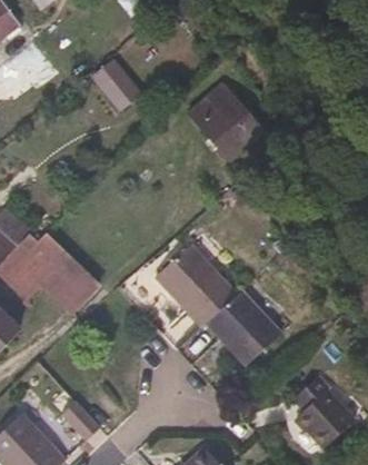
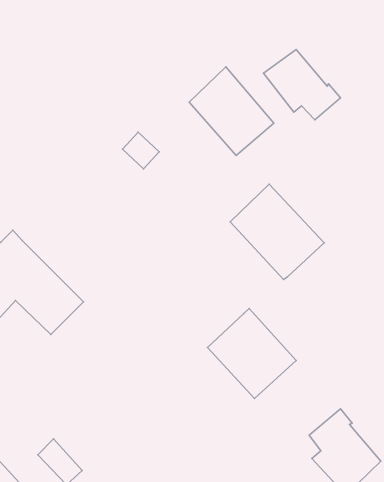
building: [92,59,140,111] -> none
building: none -> [263,49,341,120]
building: [156,244,236,325] -> [230,184,324,279]

